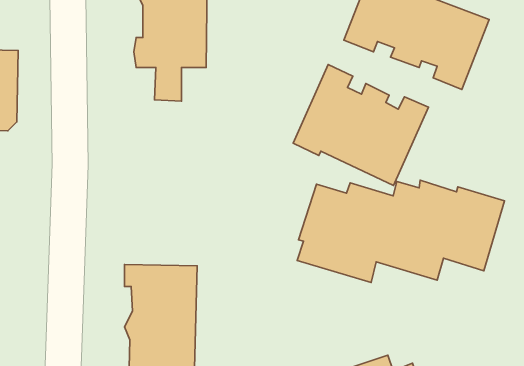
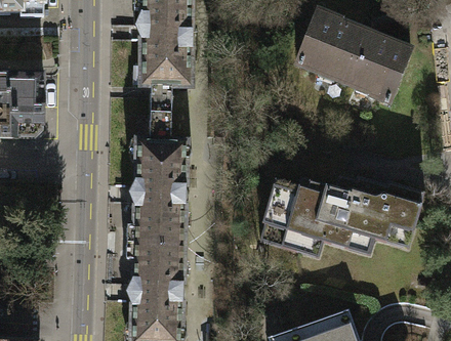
building: [293,65,428,186] -> none
building: none -> [125,111,190,242]

